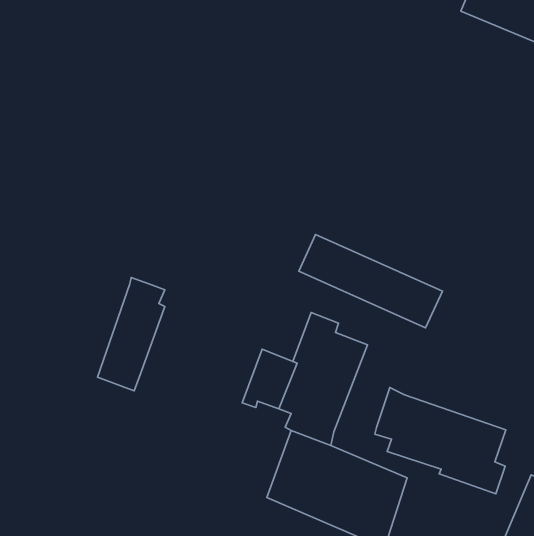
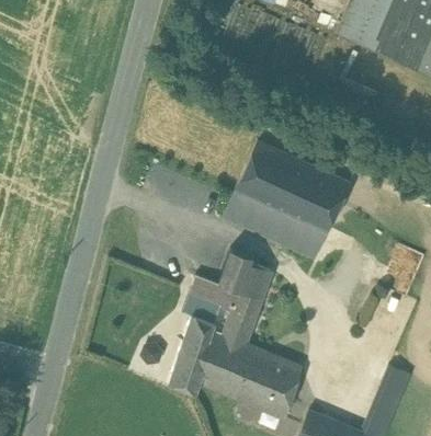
building: none -> [235,144,350,234]
building: [98,278,165,391] -> [169,313,217,394]
building: [375,388,506,494] -> none

